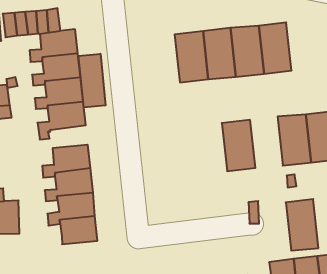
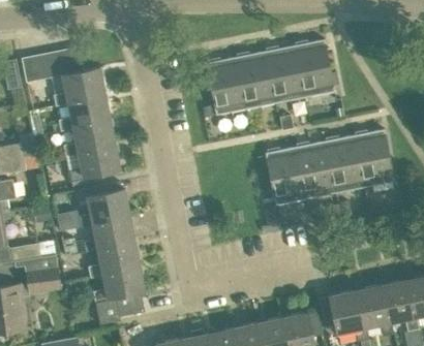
building: [78,54,106,108] -> none
building: [286,199,318,250] -> [295,140,334,197]
building: none -> [93,289,144,324]

